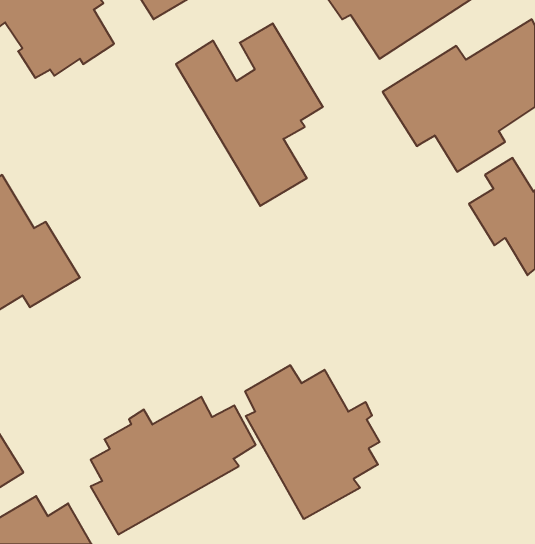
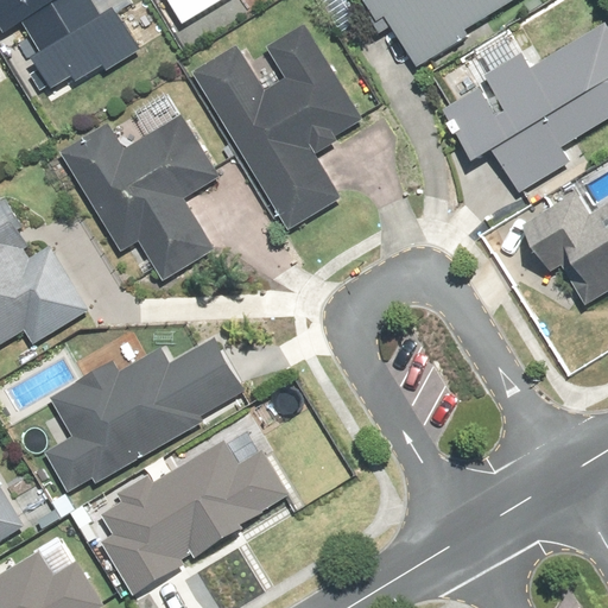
building: none -> [62,116,221,279]
building: none -> [48,338,242,490]
building: [245,365,380,519] -> none

